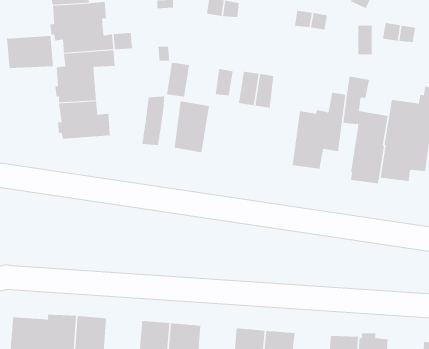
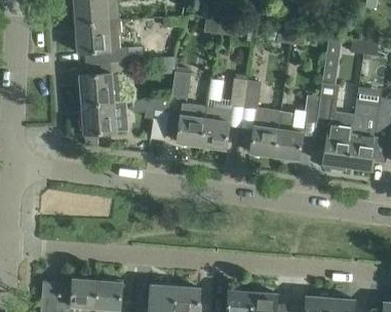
building: [6,35,53,69] -> none
building: none -> [200,107,231,149]
building: none -> [249,109,280,156]

